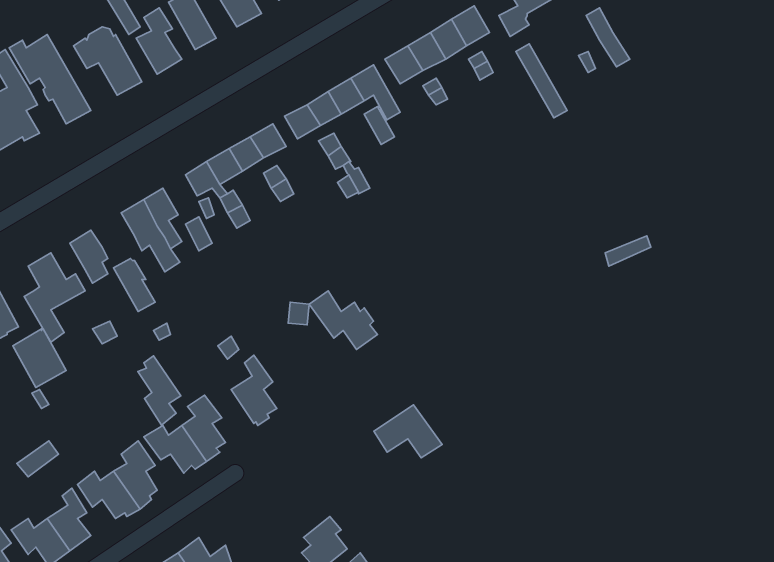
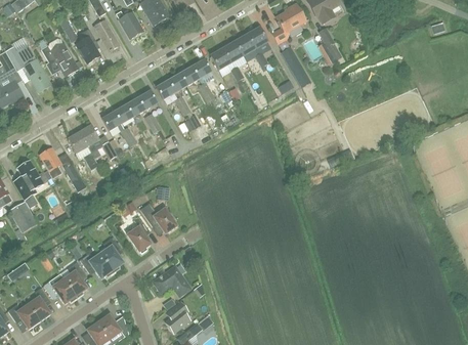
building: [309,291,377,350] -> [140,202,177,233]
building: [138,356,181,425] -> none
building: [374,405,442,458] -> [154,266,190,295]

